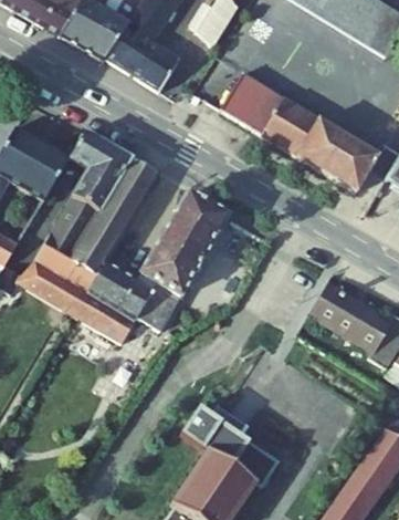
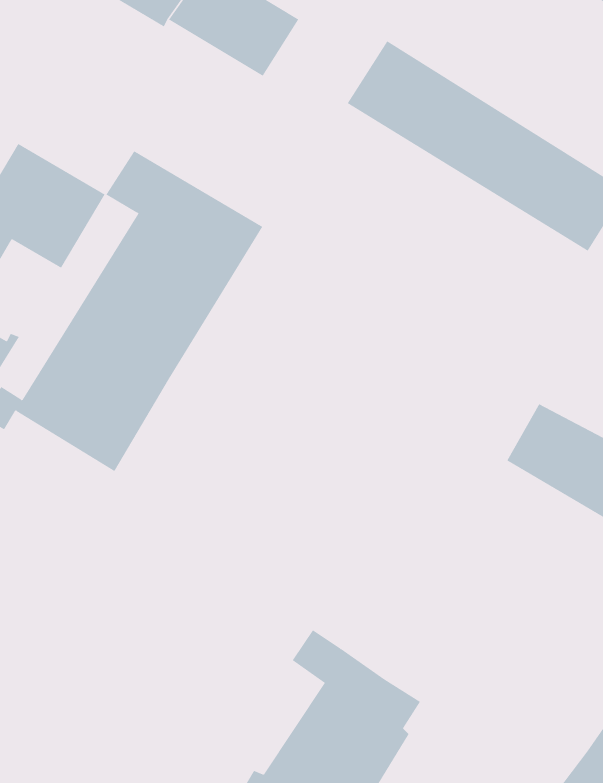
building: [76,194,231,347] -> none

